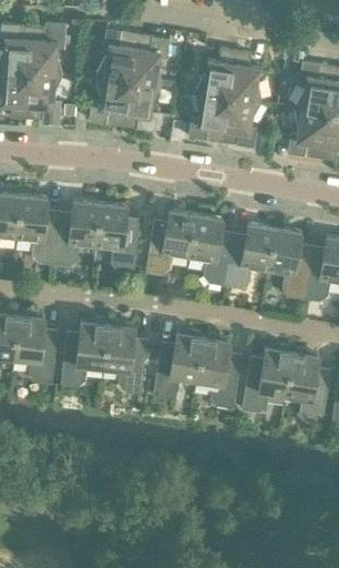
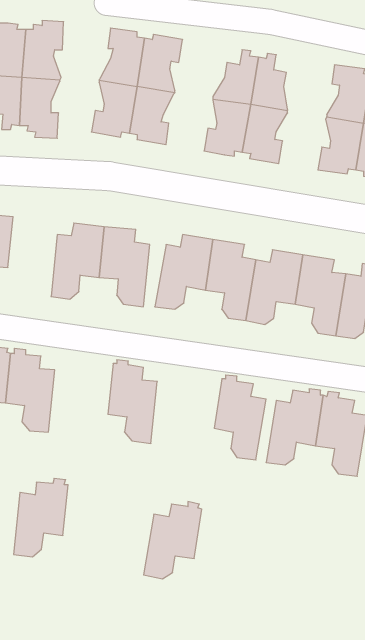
building: [16,195,59,265] -> none
building: [60,318,107,387] -> [14,478,68,557]
building: [152,331,203,398] -> [144,502,202,579]

